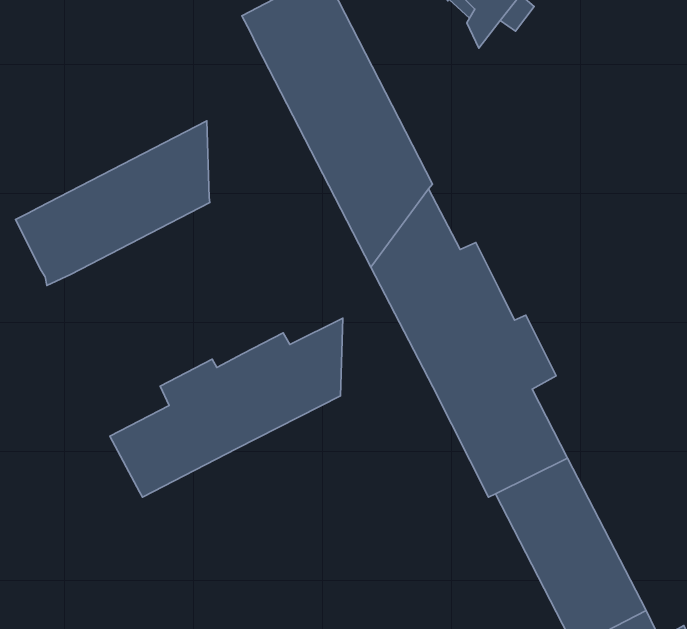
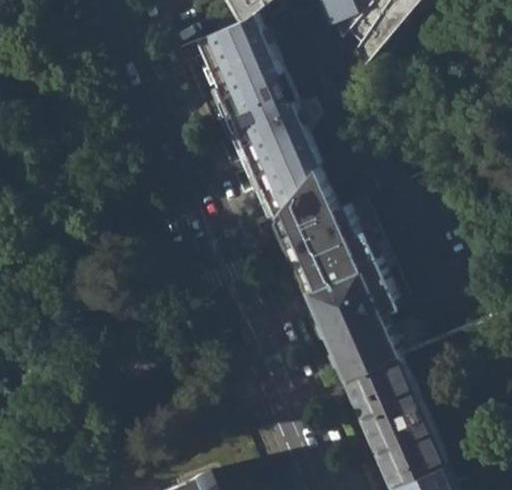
building: [16,121,210,286] -> none
building: [110,318,343,497] -> none

